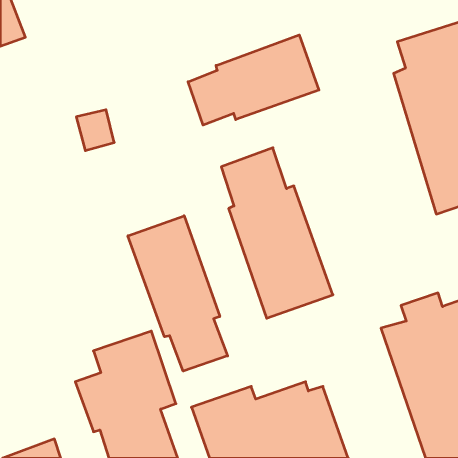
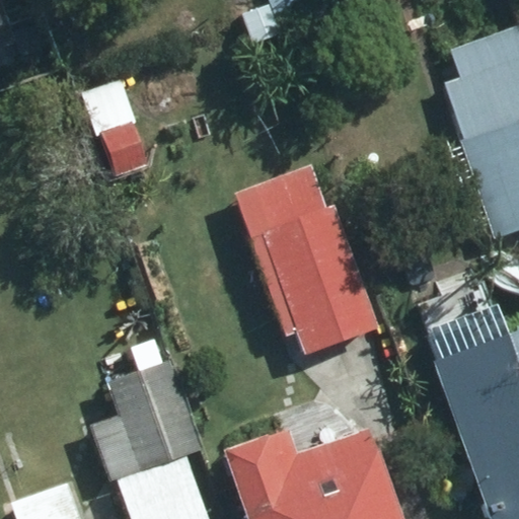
building: [188,35,319,125] -> none
building: [128,216,228,371] -> none

